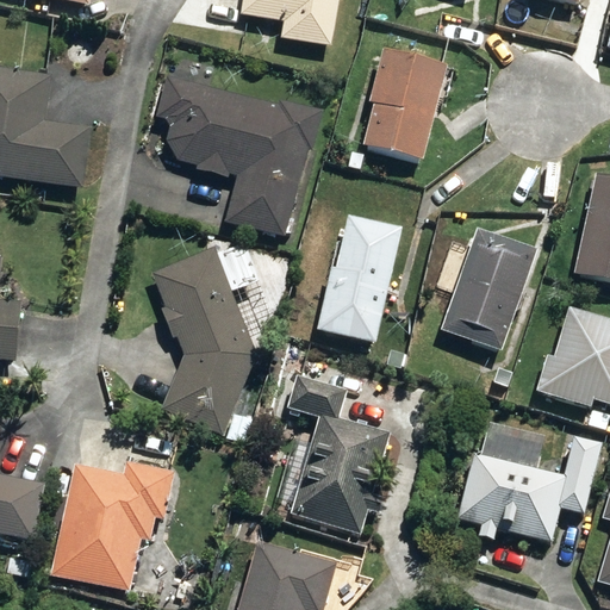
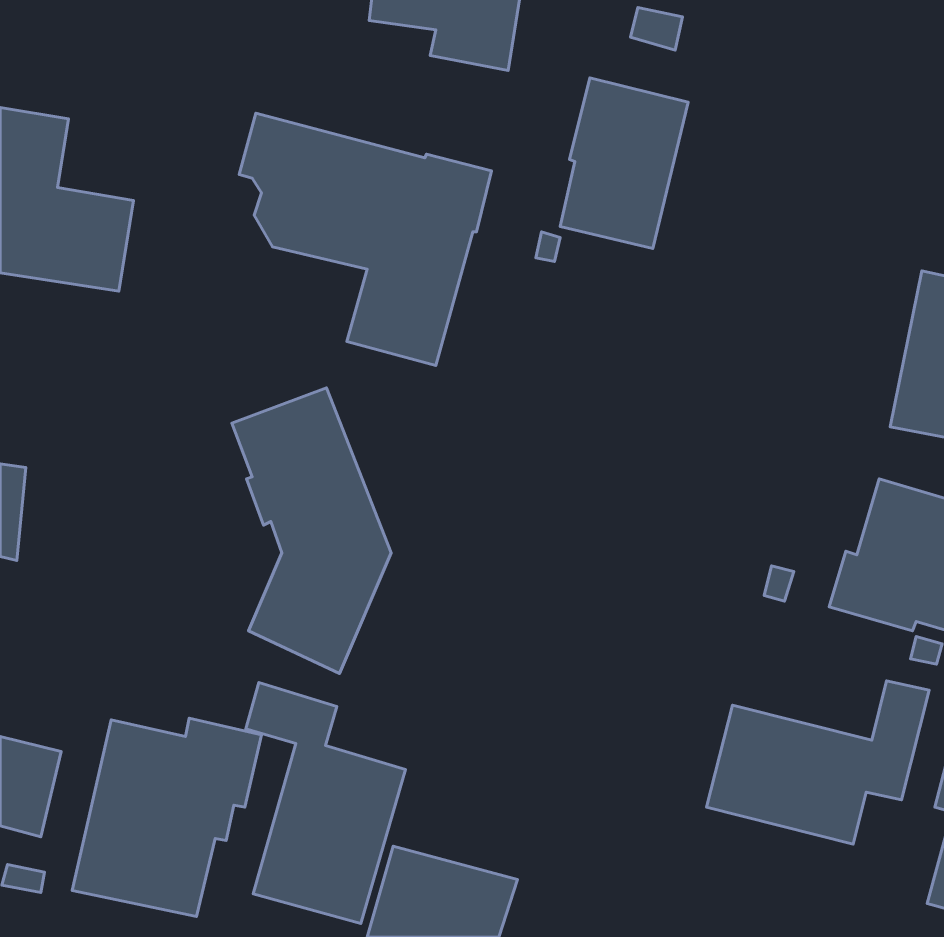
building: [315,217,400,344] -> none
building: [441,229,536,349] -> none
building: [286,378,388,533] -> [246,682,405,924]

